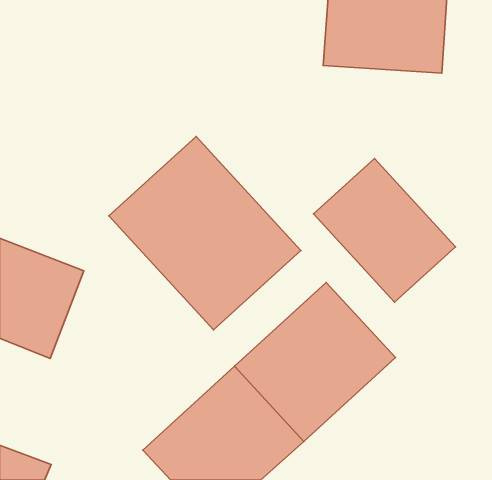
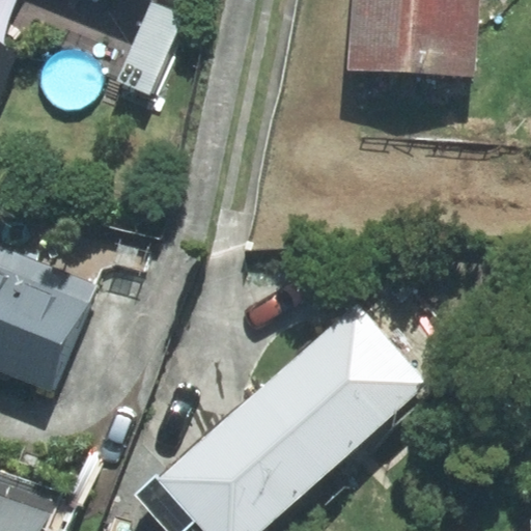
building: [109,137,301,330] -> none
building: [313,158,456,302] -> none

